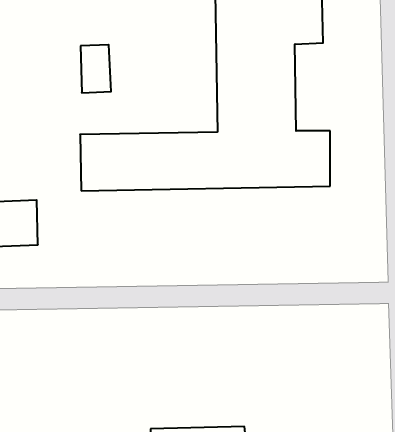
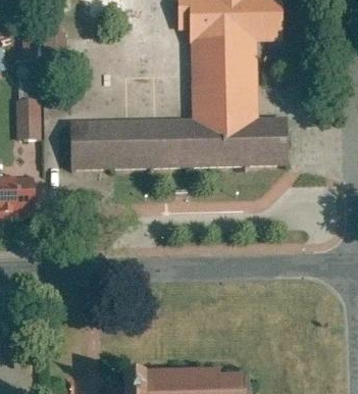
building: [81,45,111,93] -> [16,97,43,139]

